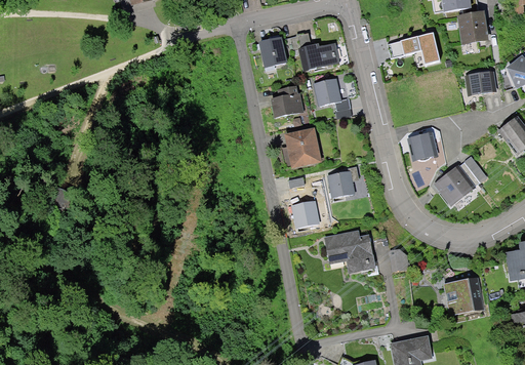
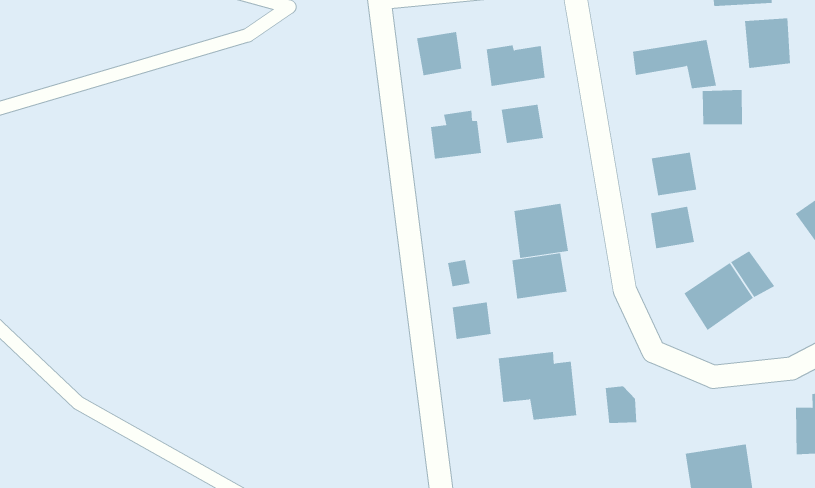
building: [468,73,494,96] -> [702,89,743,125]
building: none -> [651,152,697,196]
building: [285,131,321,167] -> [513,203,569,259]

